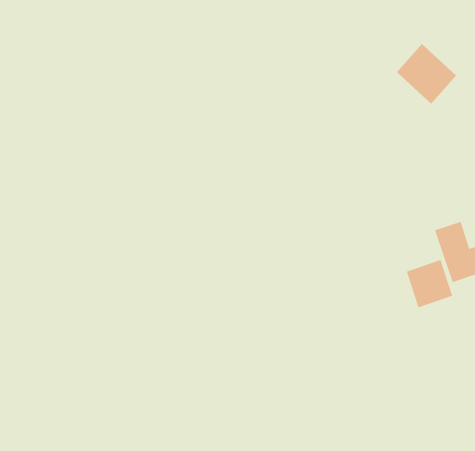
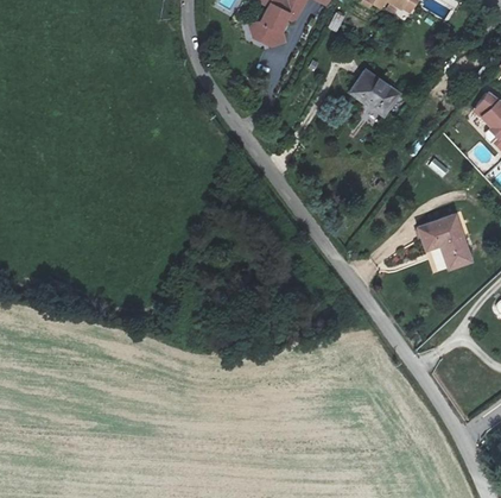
building: [406,259,453,308] -> none

